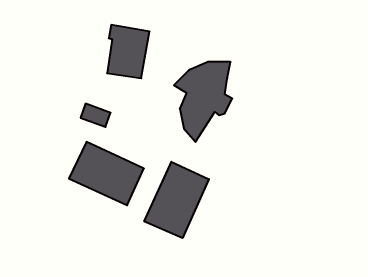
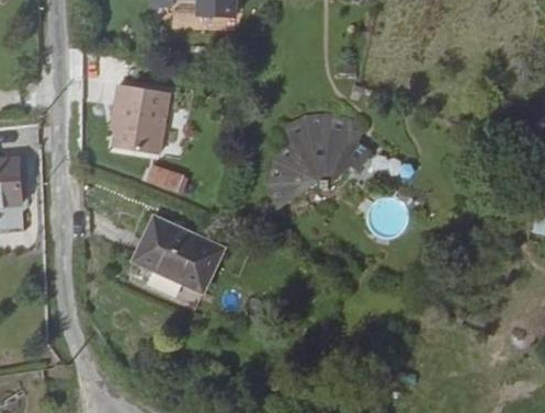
building: [107,25,150,78] -> [110,87,166,157]
building: [144,162,209,238] -> none

